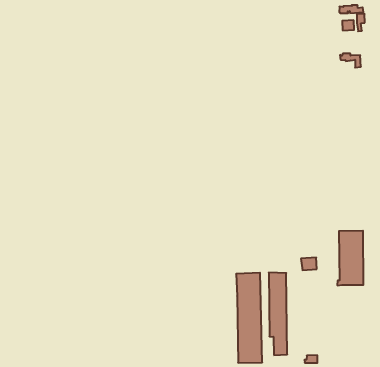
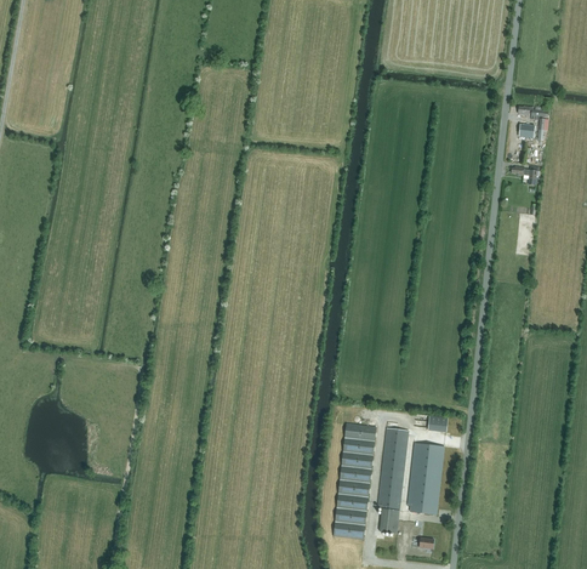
building: [337,231,363,285] -> [404,443,445,514]

